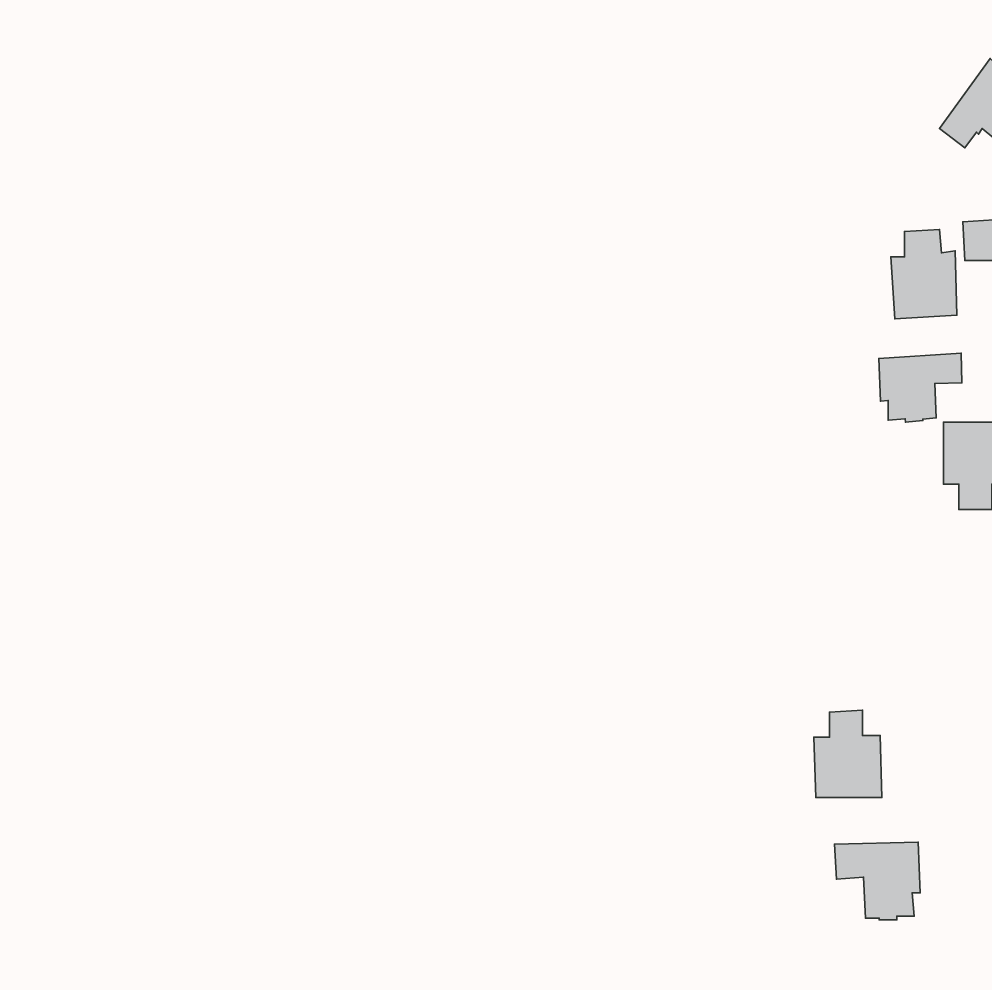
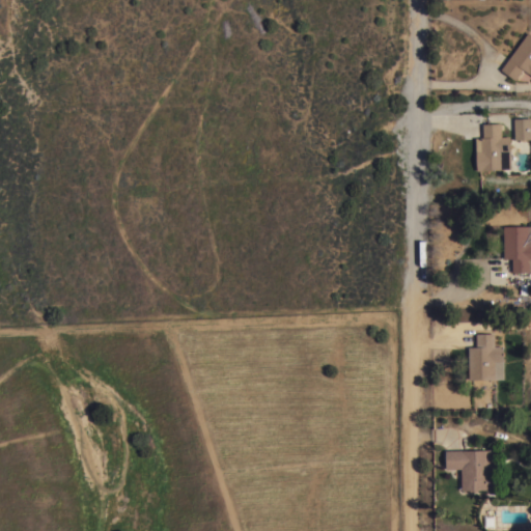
building: [879,353,962,422] -> none
building: [814,710,882,798] -> [469,334,505,381]

